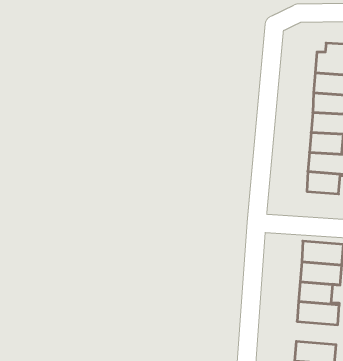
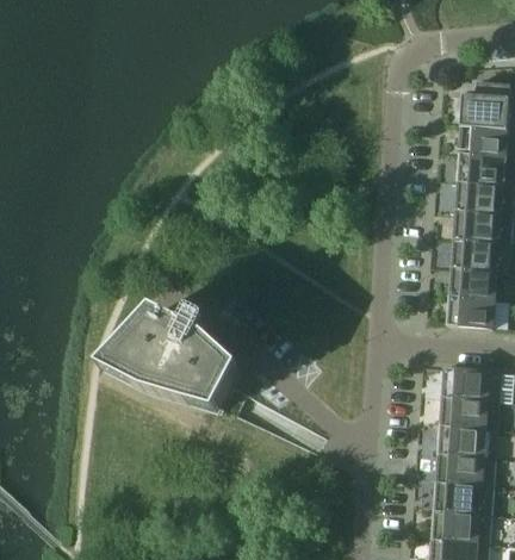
building: none -> [447,294,495,328]
building: none -> [101,310,242,413]
building: none -> [434,481,494,515]

